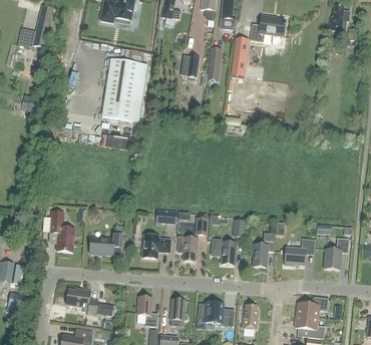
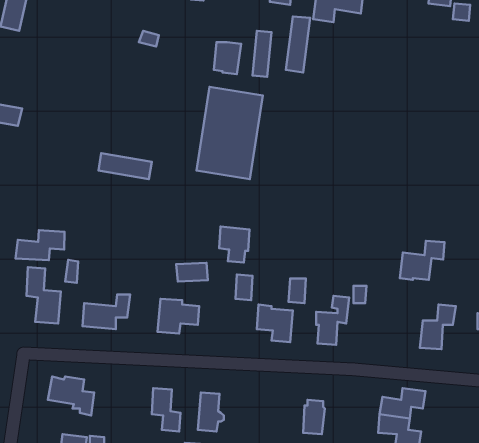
building: [101,57,147,121] -> [197,87,263,179]
building: none -> [15,230,64,260]
building: [176,236,198,261] -> [219,226,249,263]
building: [284,238,315,265] -> [400,241,445,280]
building: [197,301,235,326] -> none

